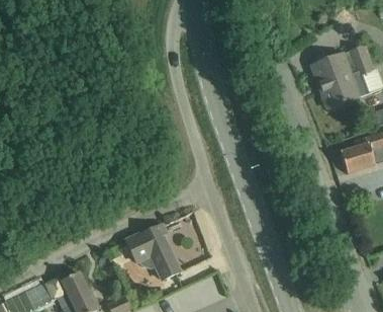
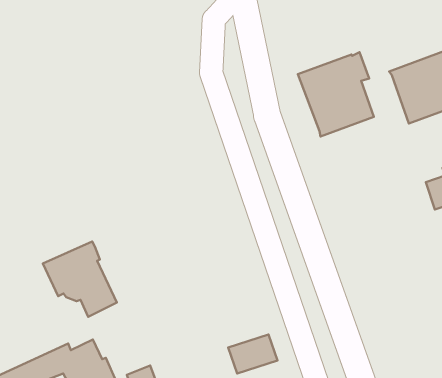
building: none -> [298,52,374,137]
building: [124,223,182,282] -> [43,241,117,317]

